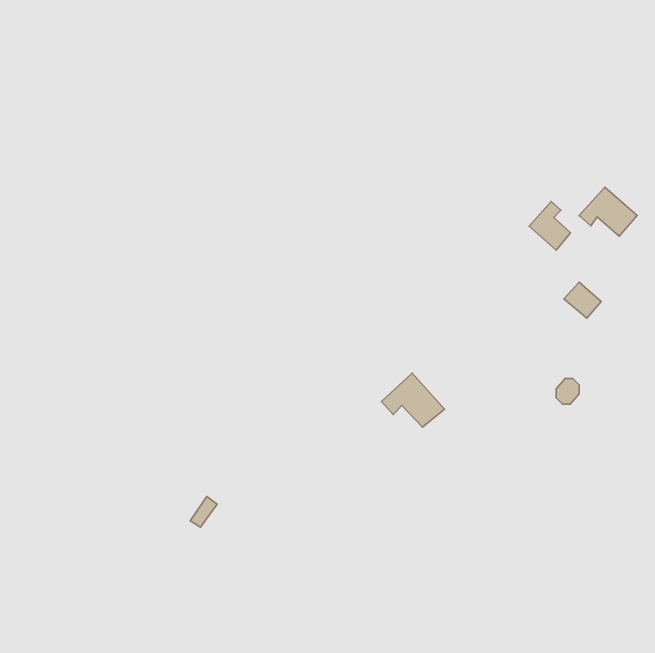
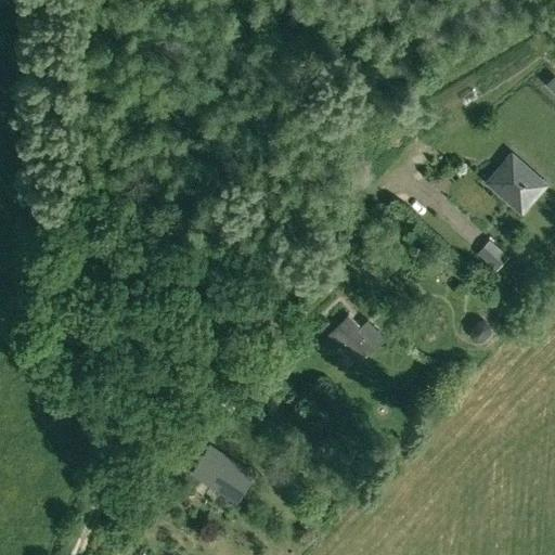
building: [529,202,570,250] -> none
building: none -> [192,449,254,504]

